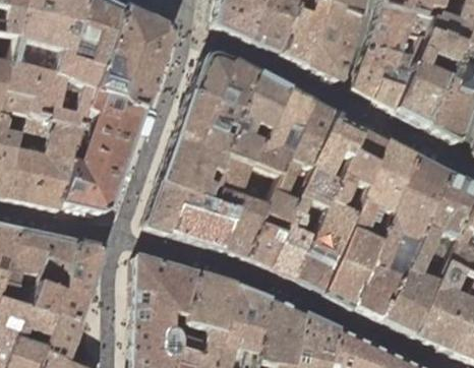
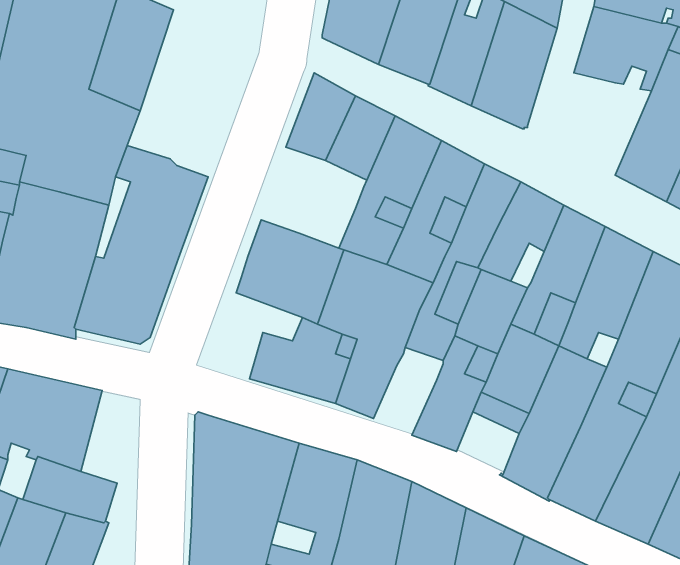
building: [96,7,172,110] -> none
building: [355,46,418,109] -> none
building: [178,91,243,154] -> none
building: [147,181,203,234] -> none
building: [247,226,286,268] -> none
building: [67,241,106,298] -> none
building: [298,254,337,293] -> none

